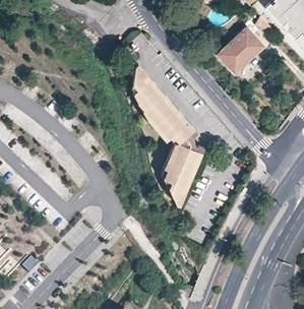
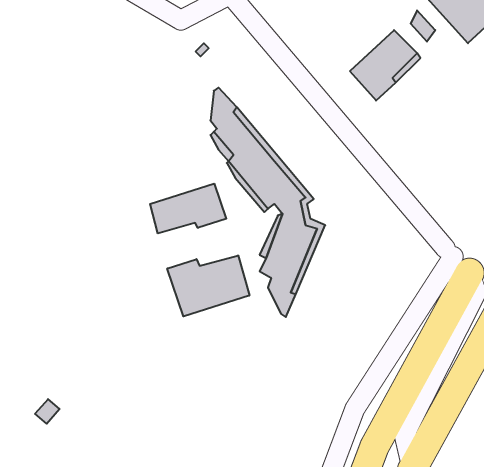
building: none -> [150,184,226,233]
building: none -> [167,255,249,316]

